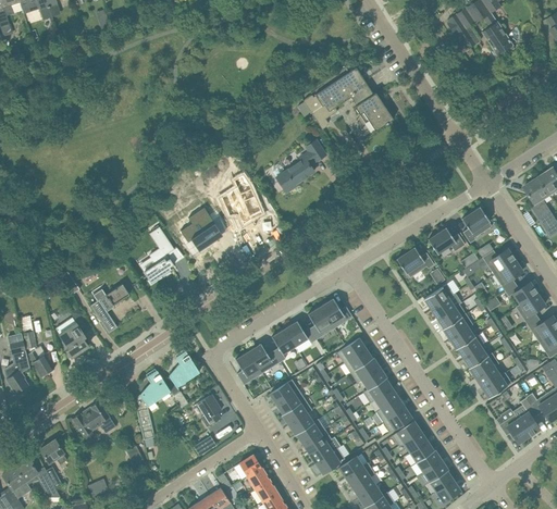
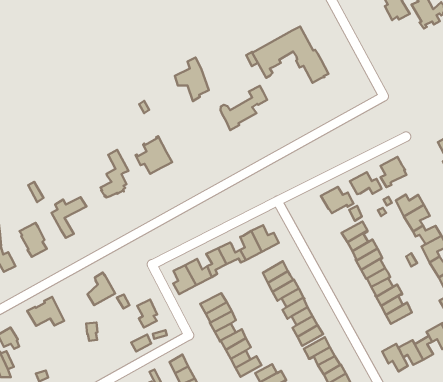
building: [221,174,261,224] -> [175,57,209,101]
building: [169,349,199,386] -> none
building: none -> [382,344,408,371]

